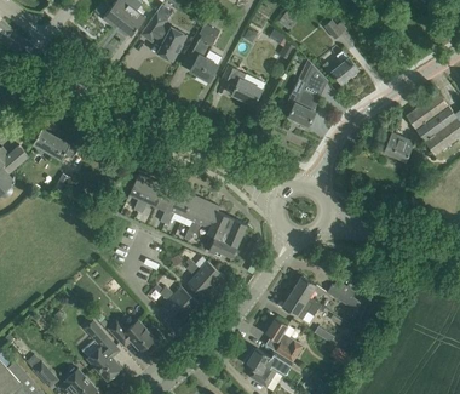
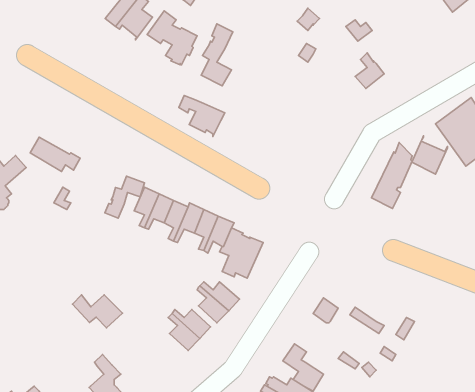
building: [287,65,324,126] -> [371,143,412,208]
building: [222,67,264,104] -> [179,96,225,136]
building: none -> [105,176,145,218]
building: [281,290,324,319] -> none
building: [108,320,154,350] -> [72,295,122,328]

